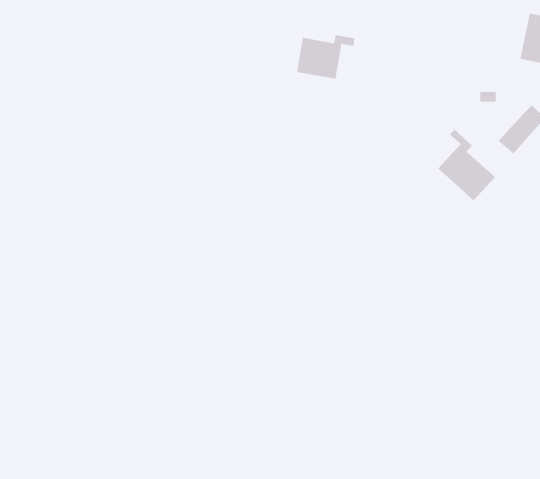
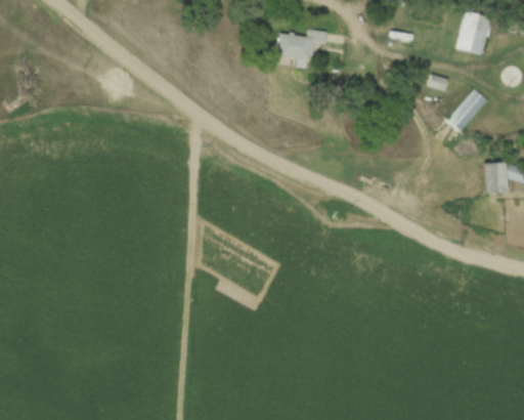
building: [437,129,496,201] -> none

